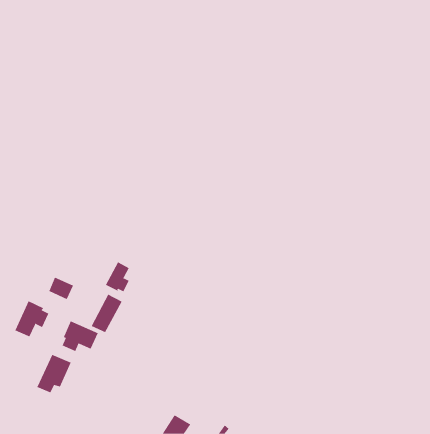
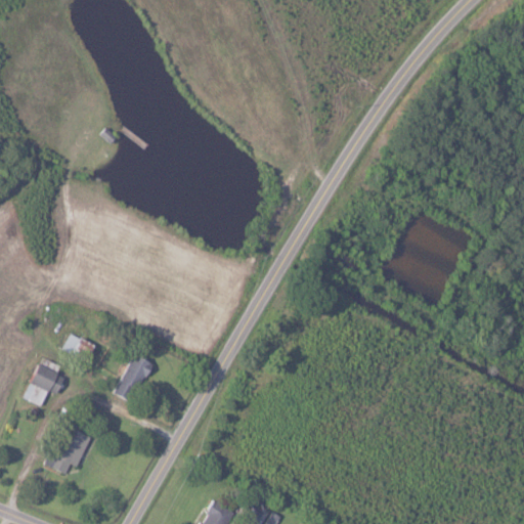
building: [105,261,130,292] -> none
building: [62,320,98,352] -> none

